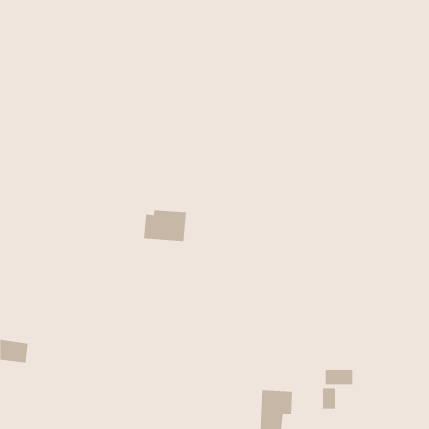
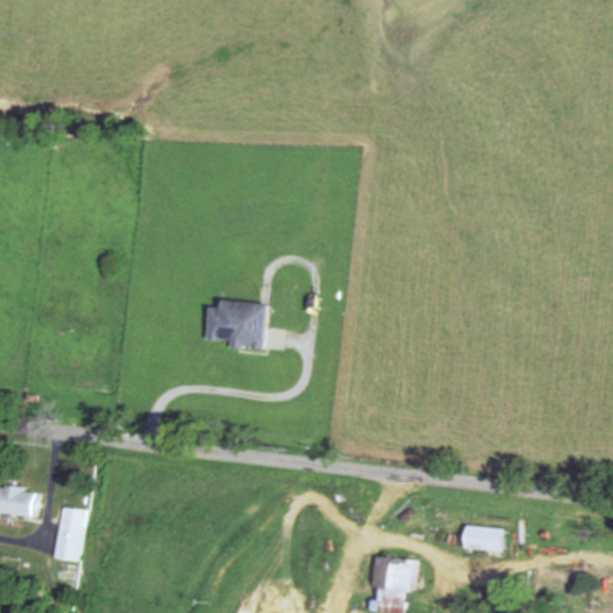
building: none -> [54,506,86,562]
building: [322,387,336,409] -> none

